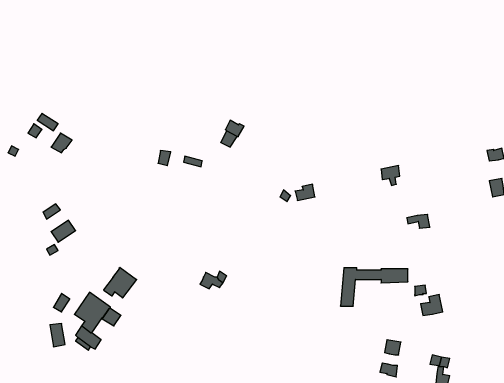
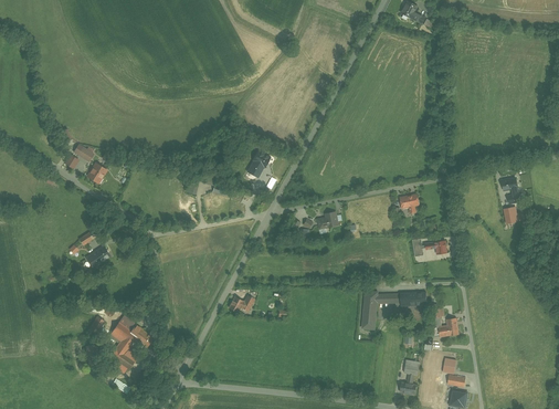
building: [104,267,137,298] -> none

